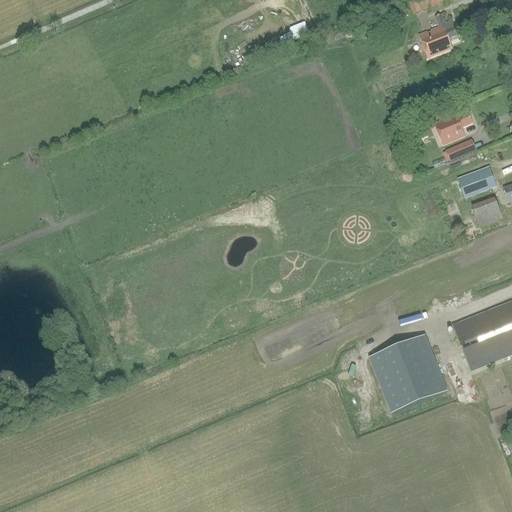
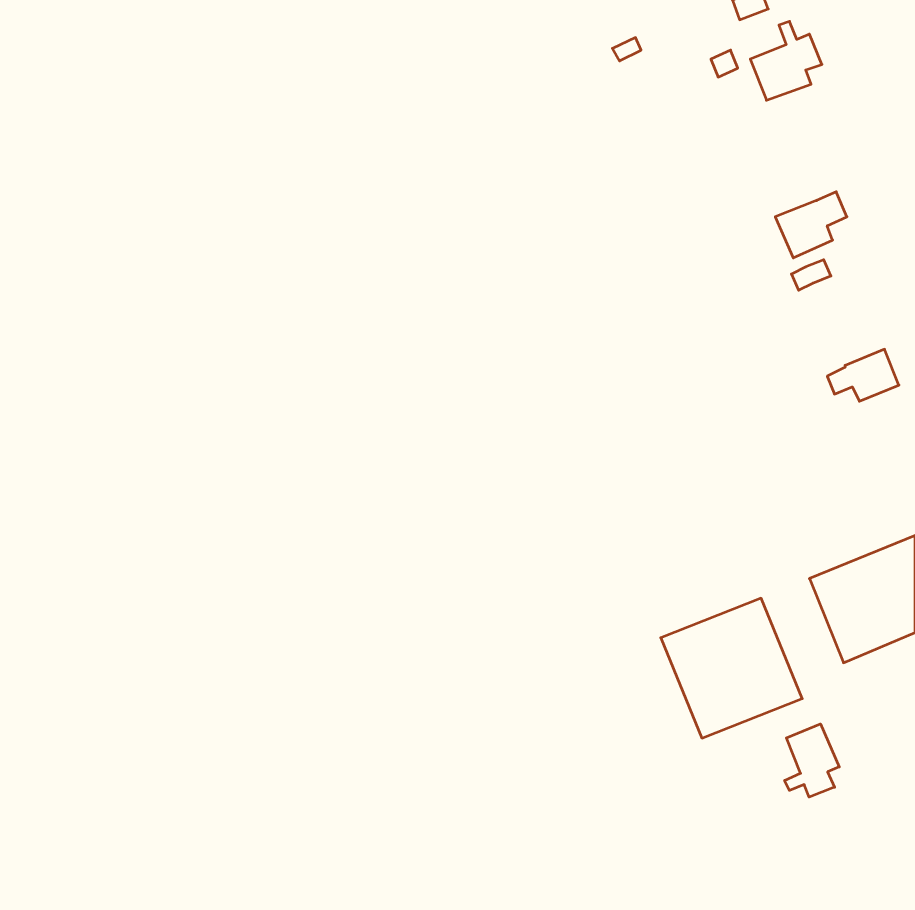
building: [459,166,496,196] -> none
building: none -> [785,724,839,797]

